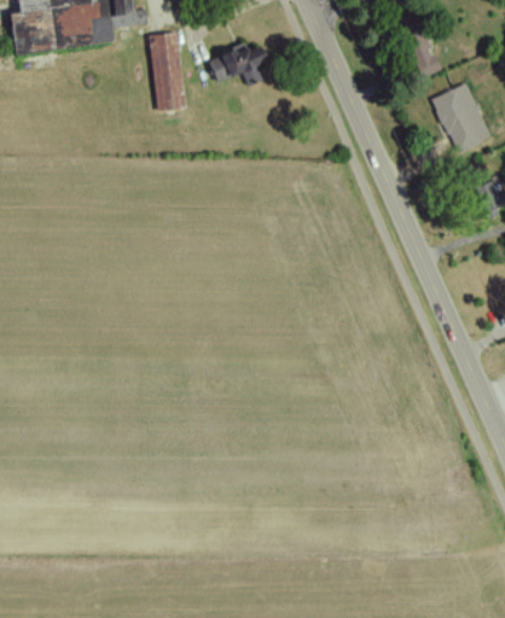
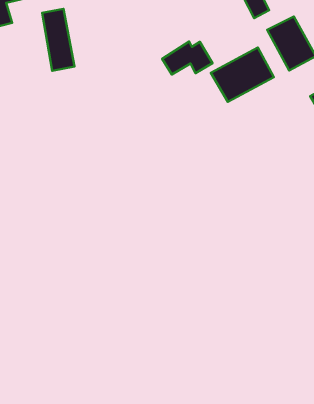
building: [208,42,271,83] -> [162,42,212,75]
building: none -> [211,48,274,102]

